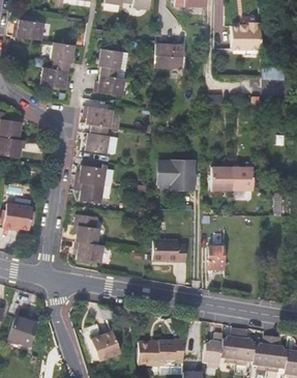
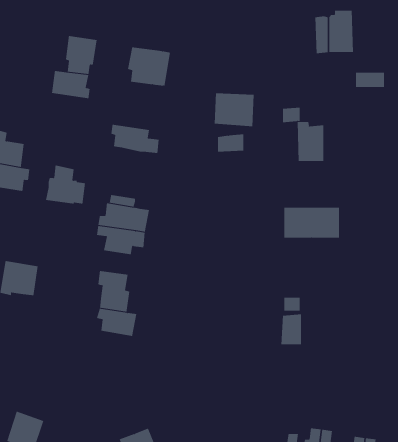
building: [13,19,43,39] -> none
building: [154,43,184,68] -> [214,93,254,127]
building: [93,75,123,95] -> none
building: none -> [297,121,324,162]
building: [85,123,115,152] -> [45,165,86,204]
building: [154,158,191,188] -> none
building: [152,238,185,261] -> none

